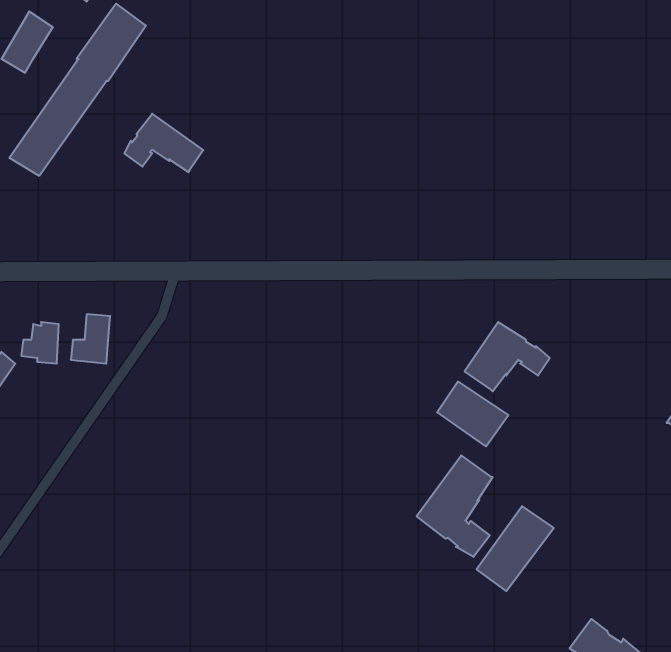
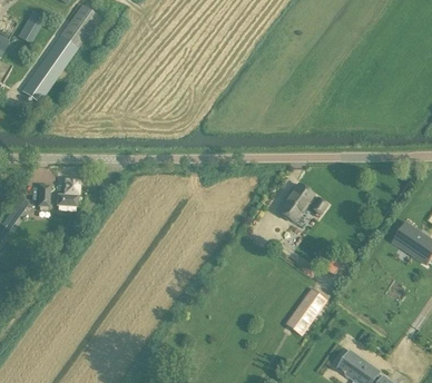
building: [124,114,203,172] -> none
building: [437,382,508,446] -> none
building: [417,455,493,557] -> none

